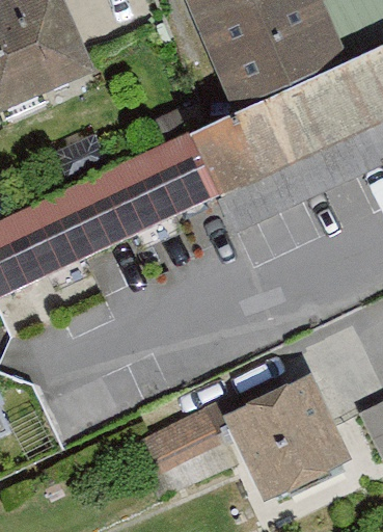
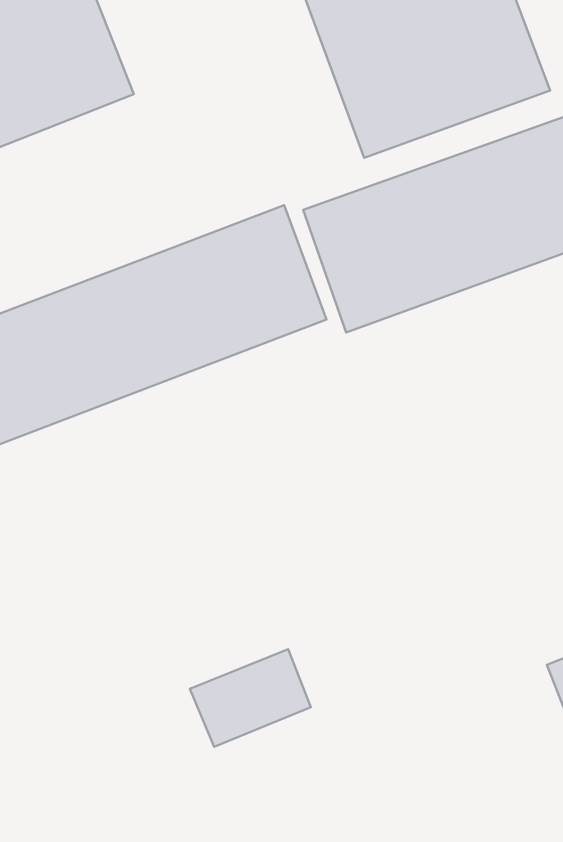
building: [228,392,343,509] -> none

